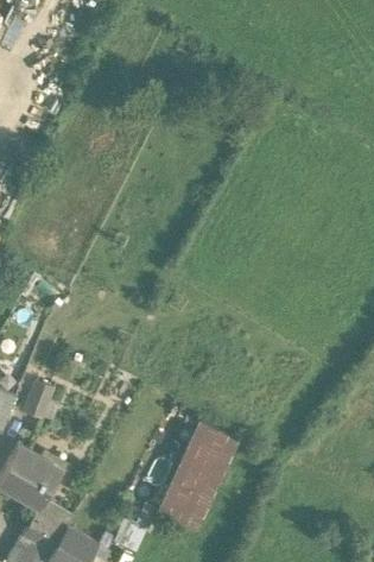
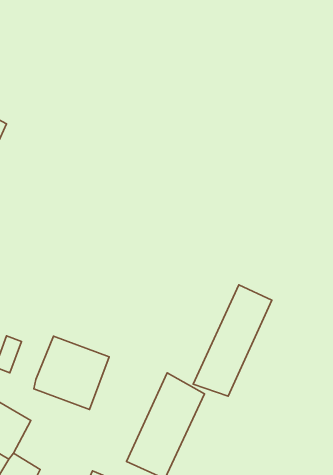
building: none -> [193,285,272,396]
building: none -> [34,336,109,410]

